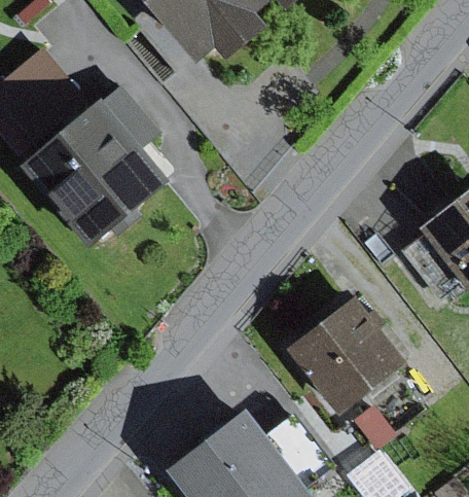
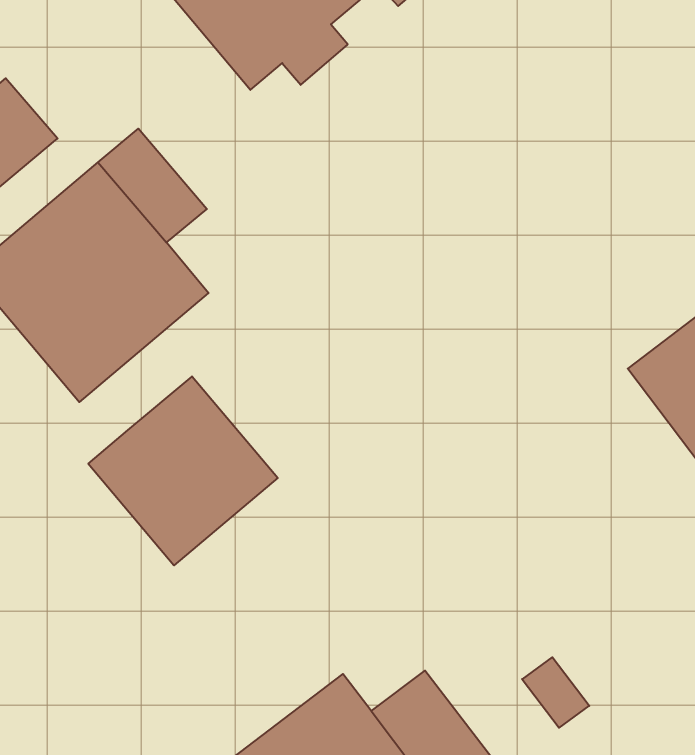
building: none -> [88,376,278,565]
building: [287,299,403,415] -> none

